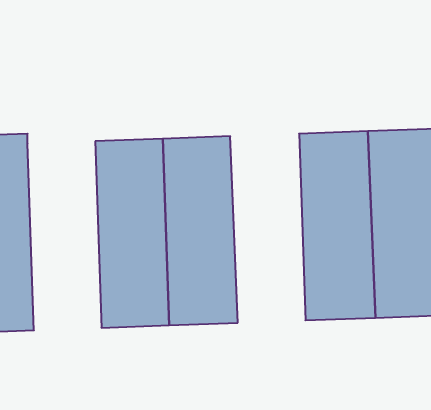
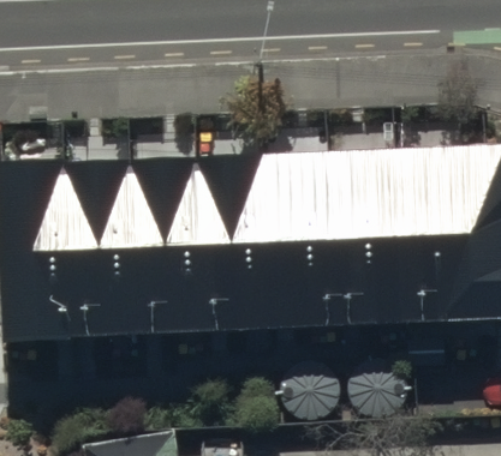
building: none -> [269,154,341,335]
building: none -> [74,161,145,342]

